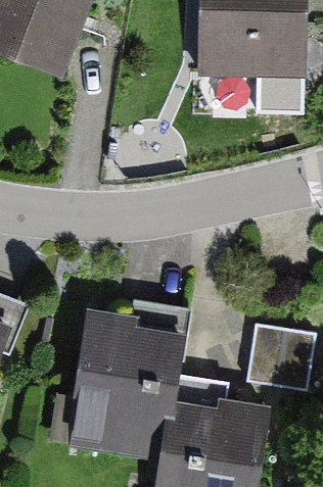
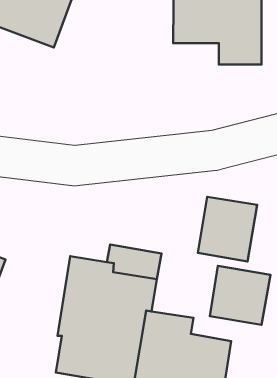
building: none -> [198,197,257,262]

